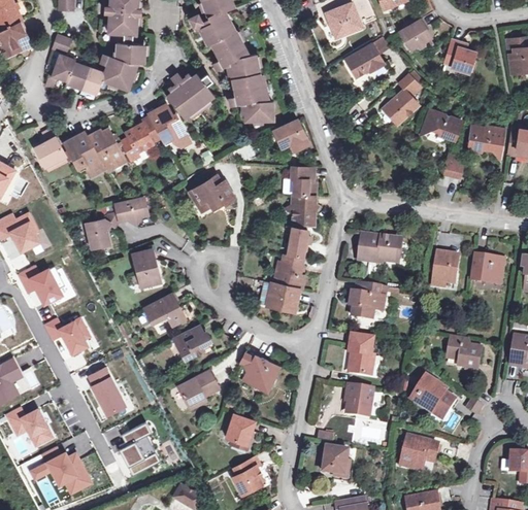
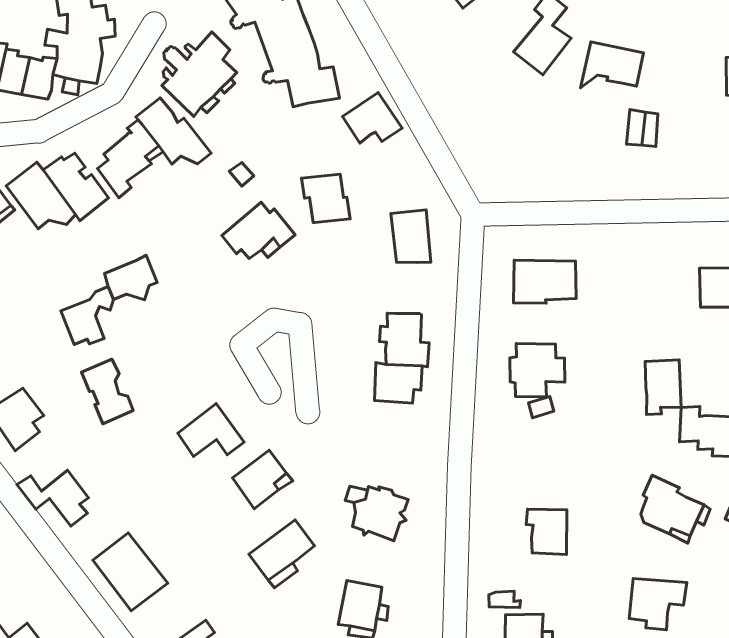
building: [467,126,503,160] -> none
building: [290,166,316,195] -> [301,174,350,223]
building: [288,228,307,257] -> none
building: [132,248,160,286] -> [81,359,133,424]
building: [434,252,459,285] -> [645,360,681,414]
building: [350,334,375,374] -> none

